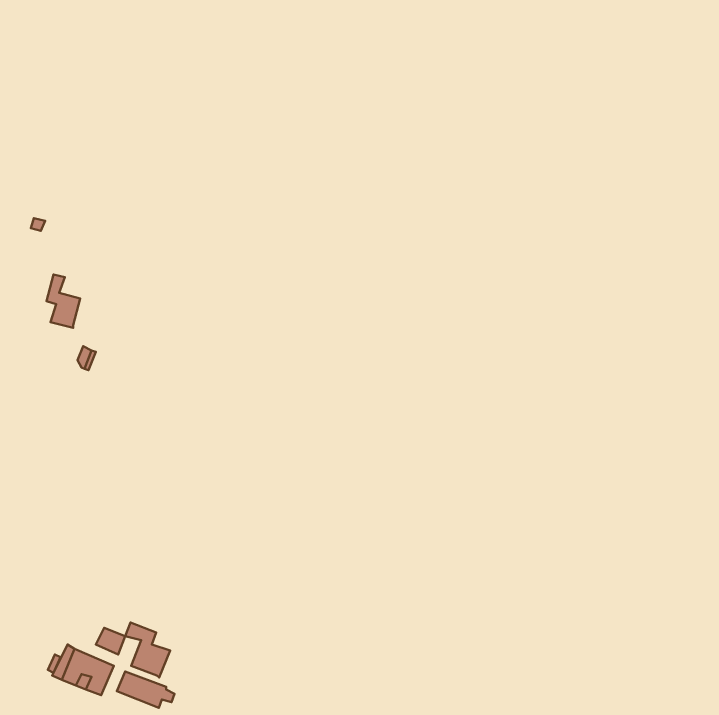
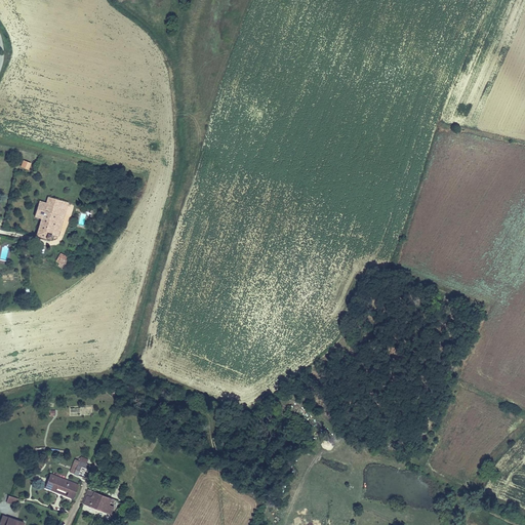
building: none -> [43,199,68,238]
building: [125,623,170,677] -> none

